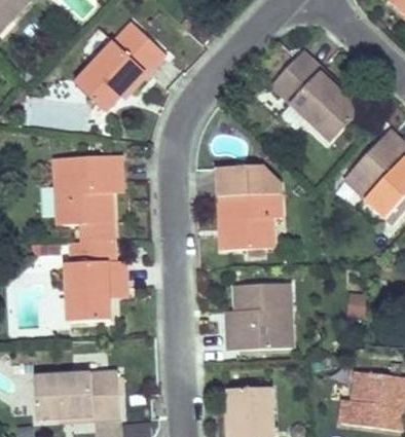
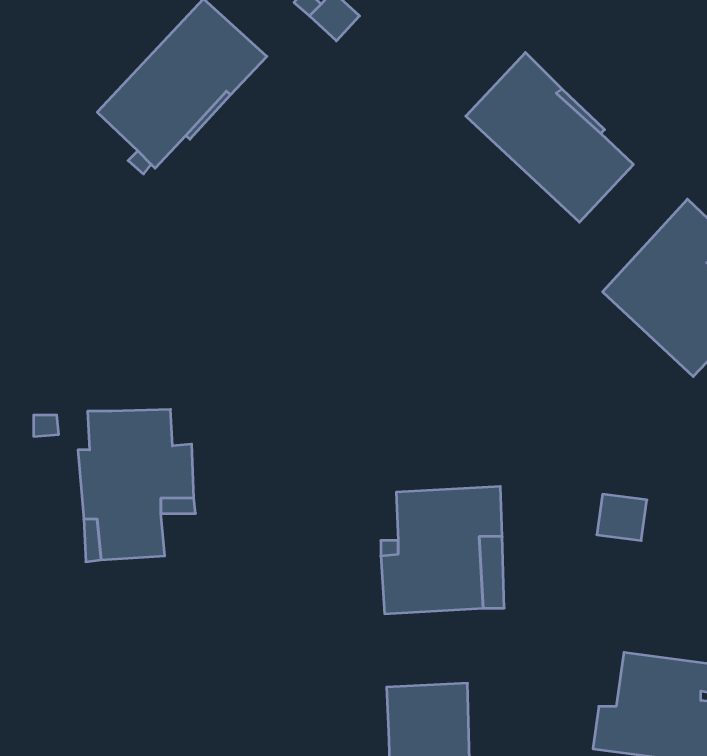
building: [53,154,121,242] -> none
building: [216,165,281,250] -> none
building: [34,371,119,418] -> none

